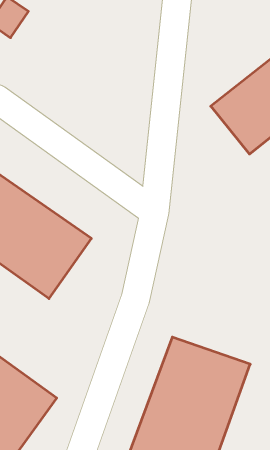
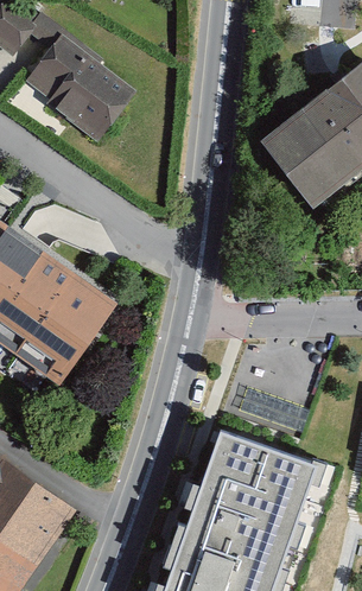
building: none -> [31,43,128,134]

